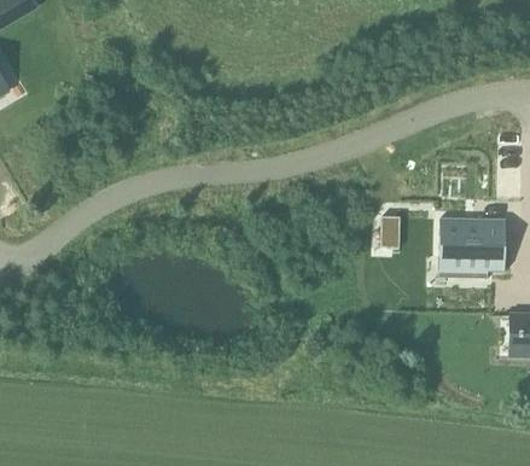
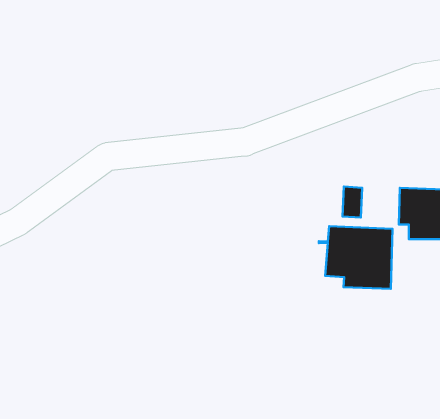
building: none -> [319,226,393,289]

